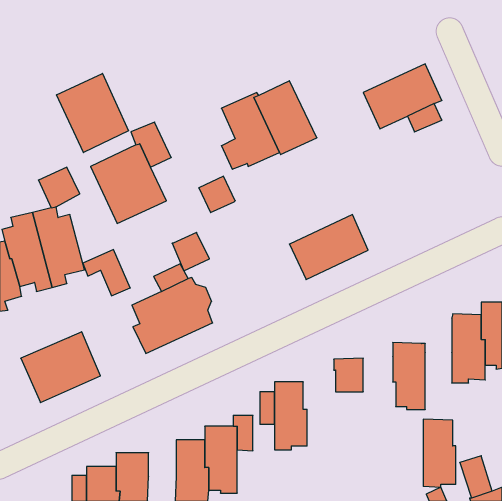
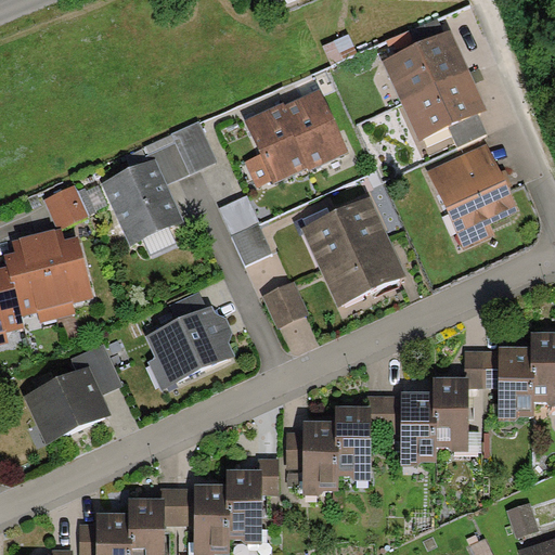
building: none -> [382,30,468,102]
building: [57,73,128,153] -> none
building: none -> [170,121,217,173]
building: none -> [427,143,518,248]
building: none -> [300,197,388,269]
building: [172,232,209,271] -> [231,222,272,264]
building: [83,250,130,296] -> [70,343,122,393]
building: none -> [261,281,309,328]
building: none -> [464,350,498,388]
building: none -> [334,408,370,479]
building: [423,419,456,487] -> [400,391,436,466]
building: none -> [160,488,194,525]

